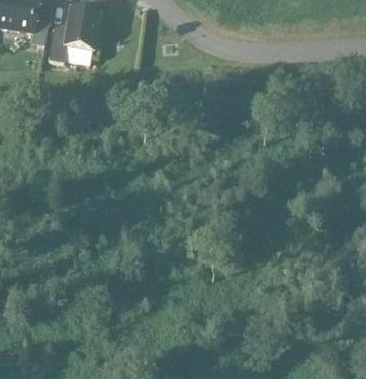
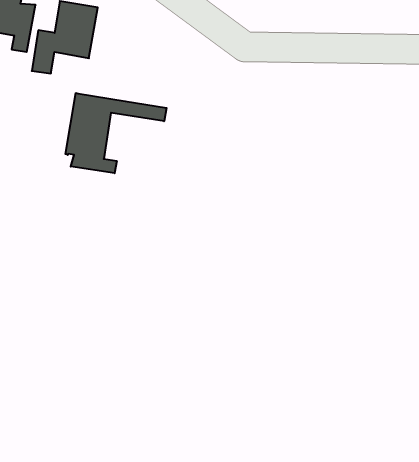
building: none -> [65,93,167,173]

